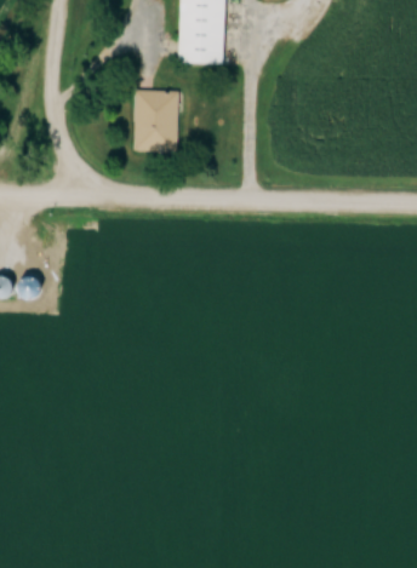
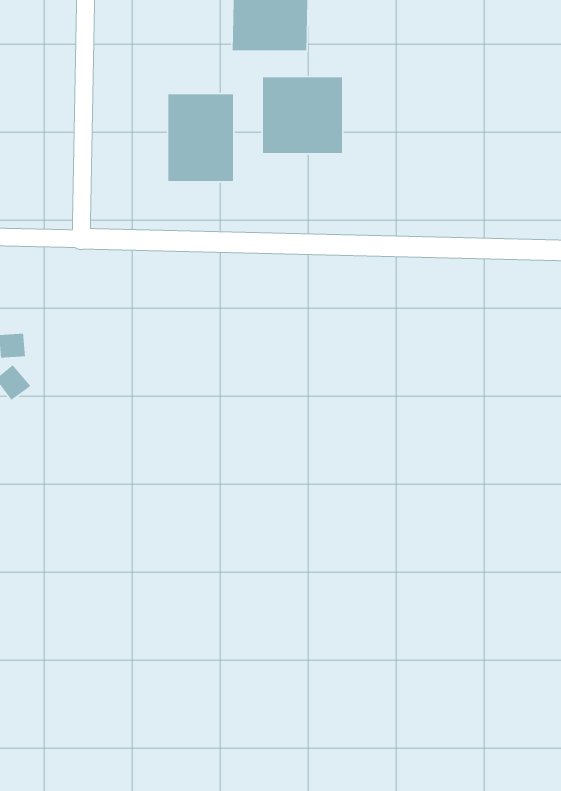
building: none -> [262,76,343,154]

